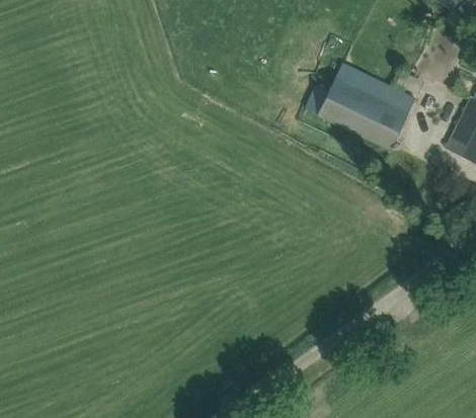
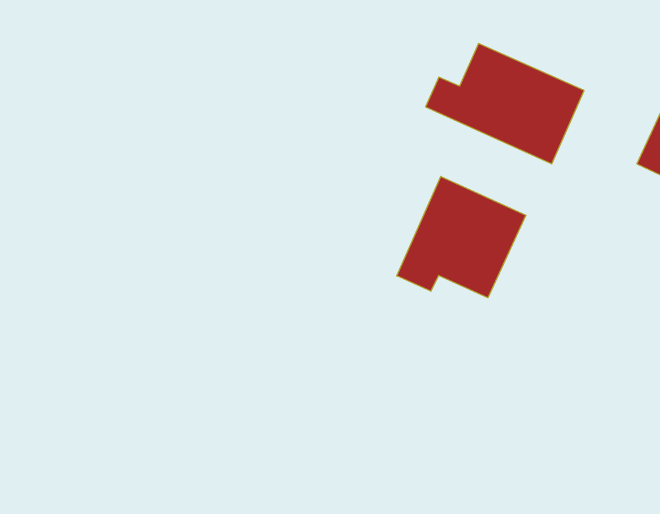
building: none -> [397,176,526,298]

